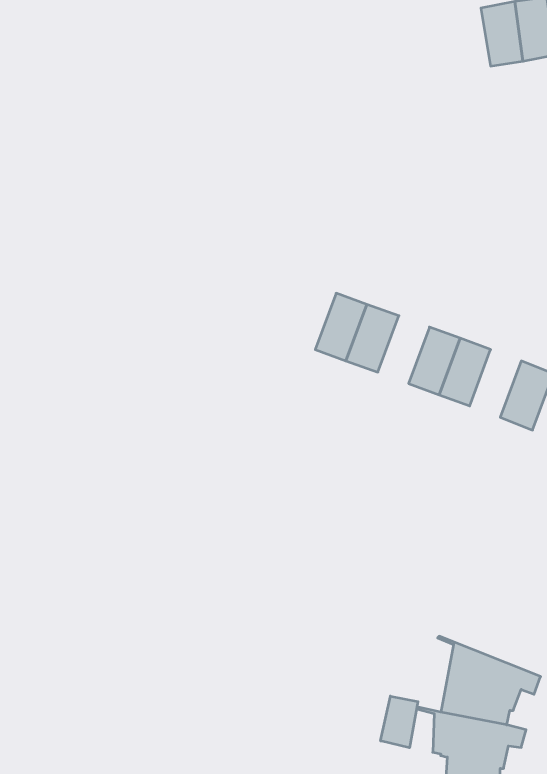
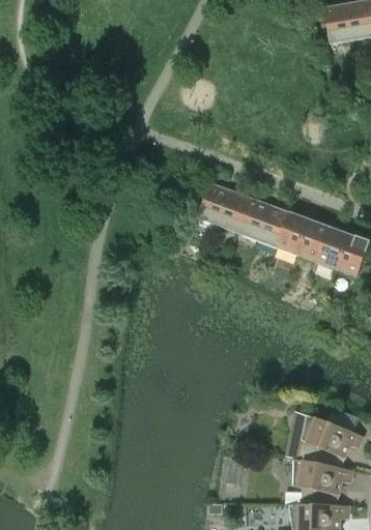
building: none -> [196,181,230,226]
building: none -> [257,204,290,247]
building: none -> [316,226,349,269]
building: [381,696,418,748] -> none

